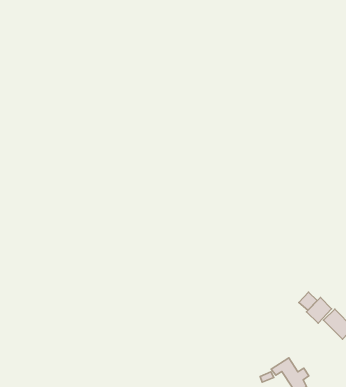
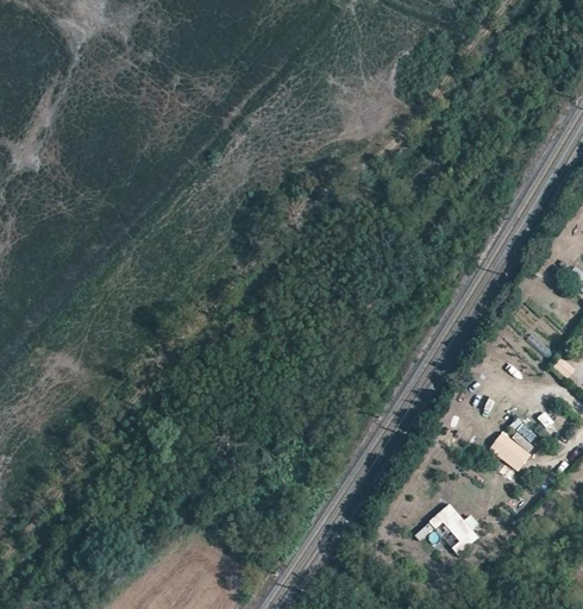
building: [306,297,332,323] -> none

